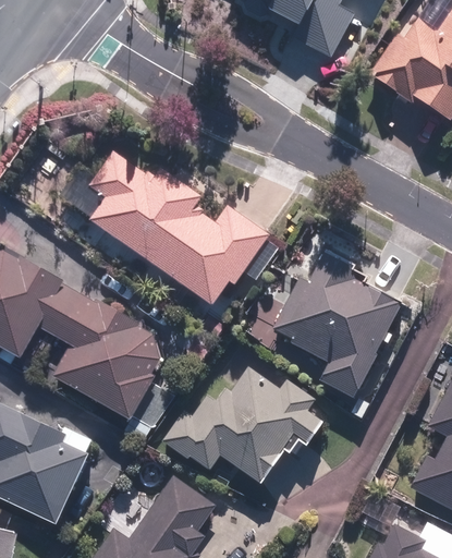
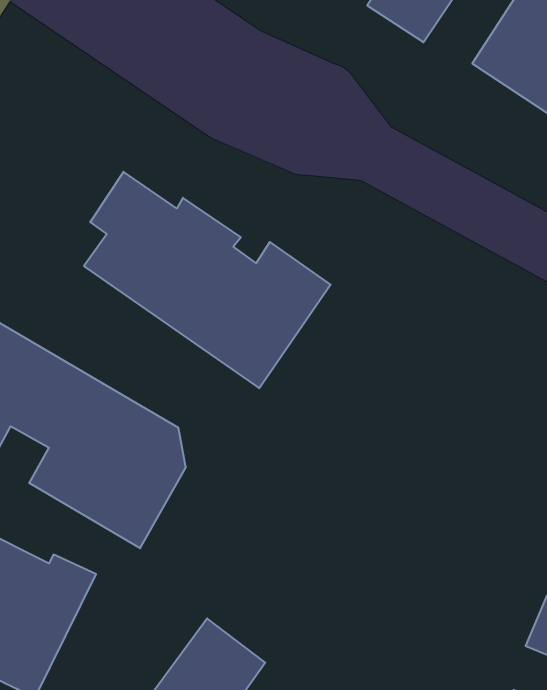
building: [268,252,403,400] -> none
building: [161,365,330,485] -> none

